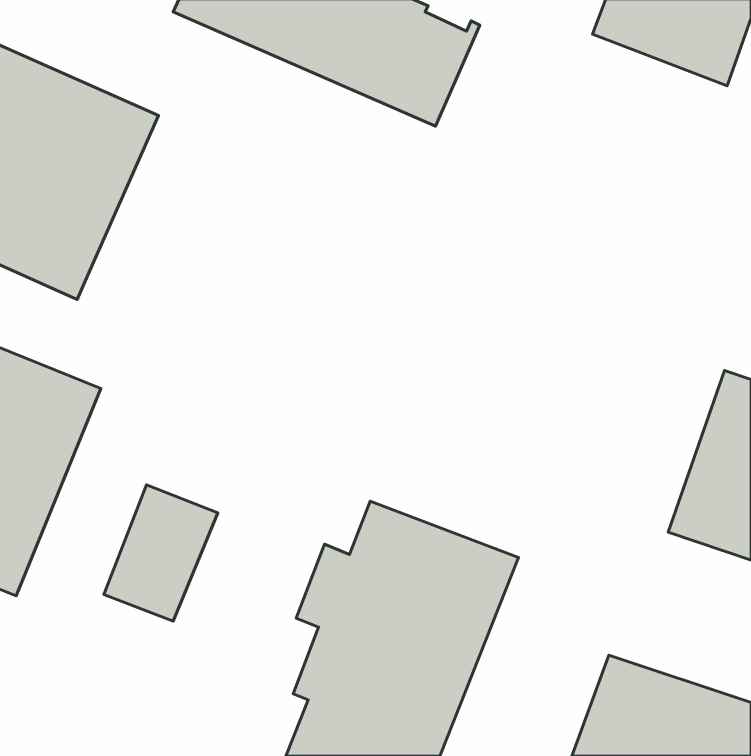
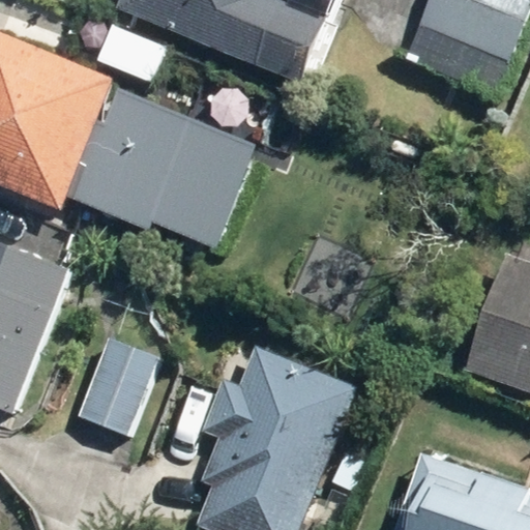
building: none -> [61,81,254,242]

